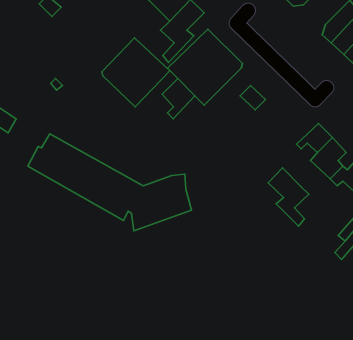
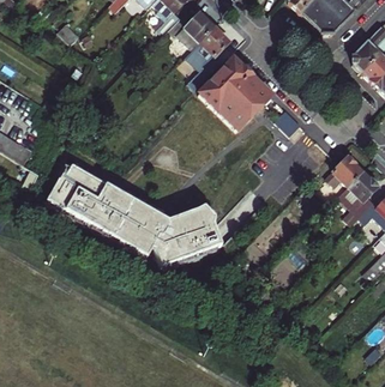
building: [102,38,170,107] -> none
building: [162,79,195,119] -> none
building: [268,168,309,226] -> none

